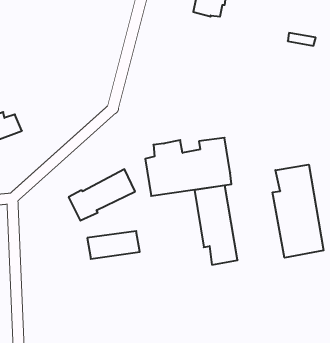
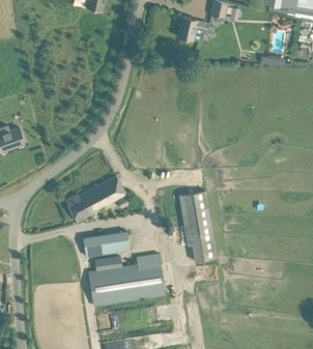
building: [145,138,231,196] -> [88,254,165,306]
building: [273,165,324,258] -> none

